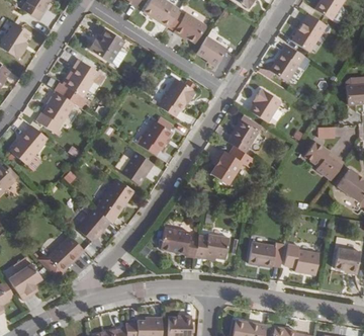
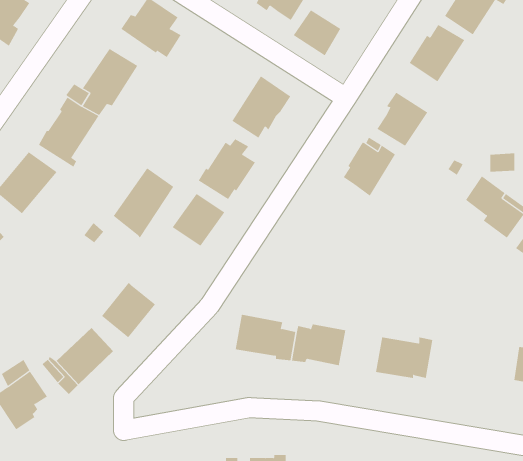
building: [209,145,253,184] -> none
building: [94,178,132,223] -> [113,168,174,238]
building: [283,243,318,274] -> none

